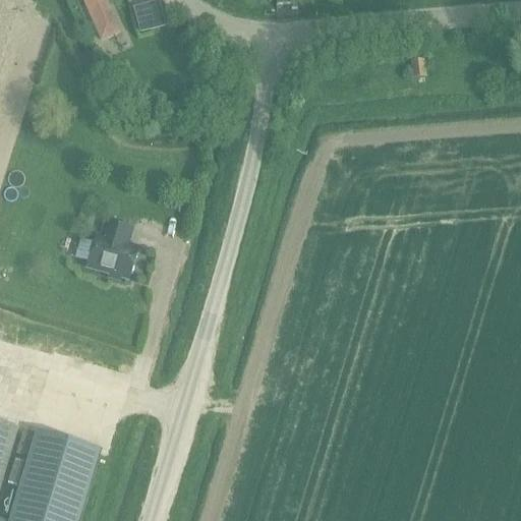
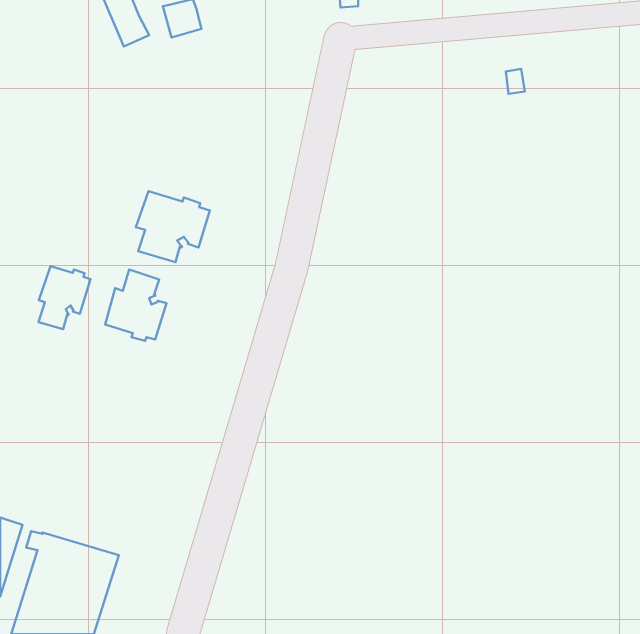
building: none -> [136,191,210,262]
building: none -> [38,266,91,329]

